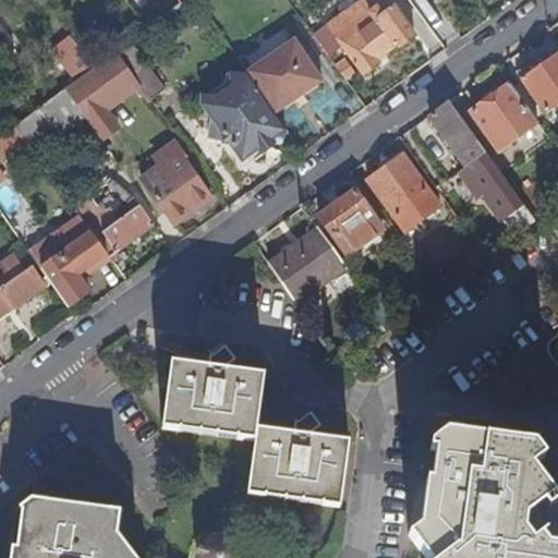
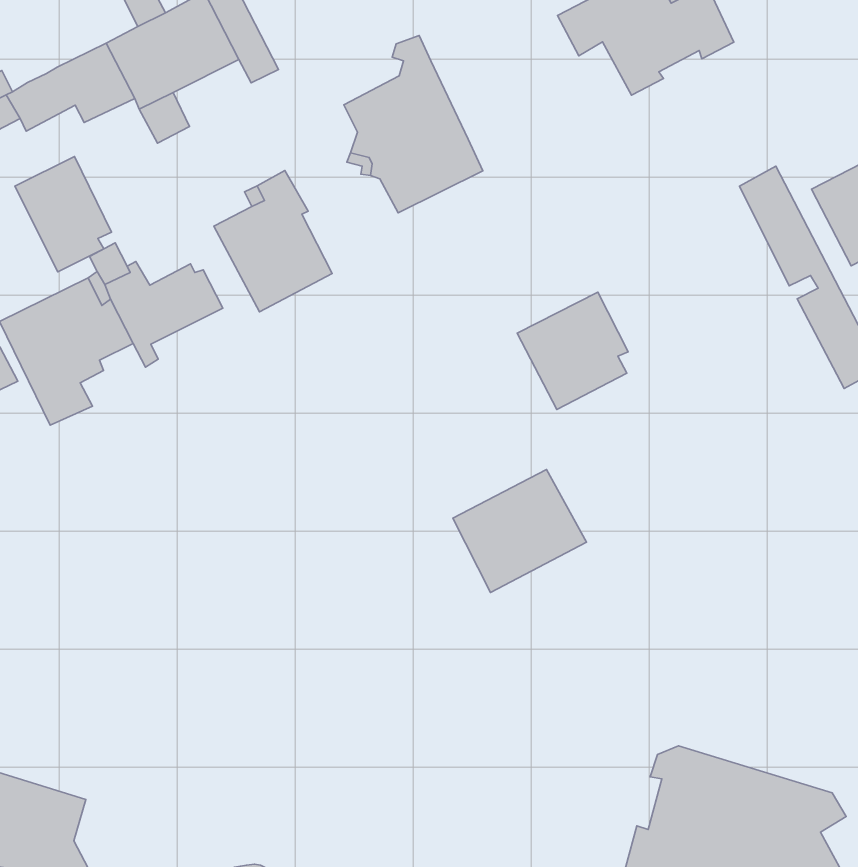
building: [247,38,323,110] -> none
building: [366,153,439,231] -> none
building: none -> [15,157,112,272]
building: [269,227,345,300] -> [453,470,586,593]
building: [161,361,347,504] -> none

